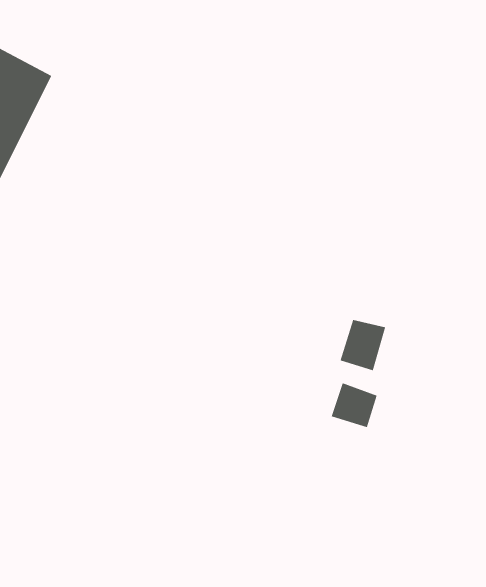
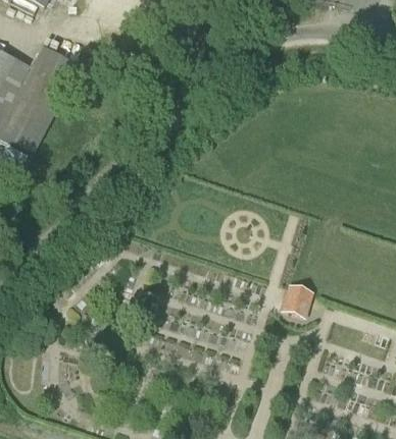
building: [340,319,386,371] -> none

